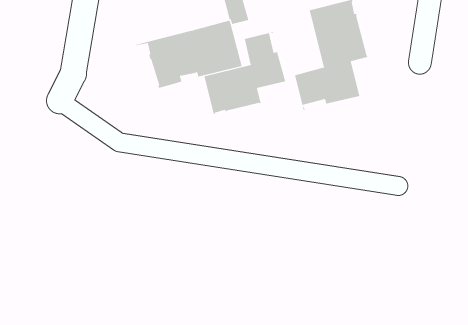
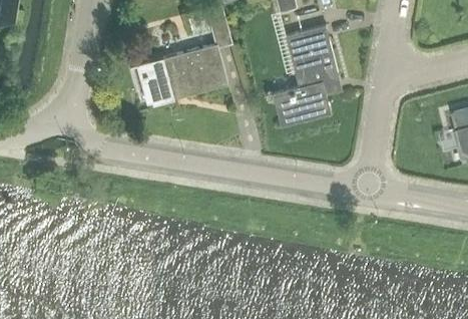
building: [204,31,286,114] -> none

